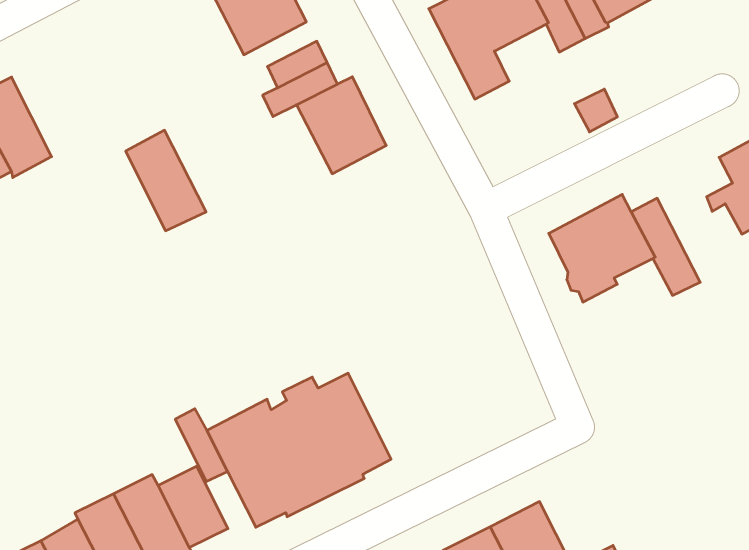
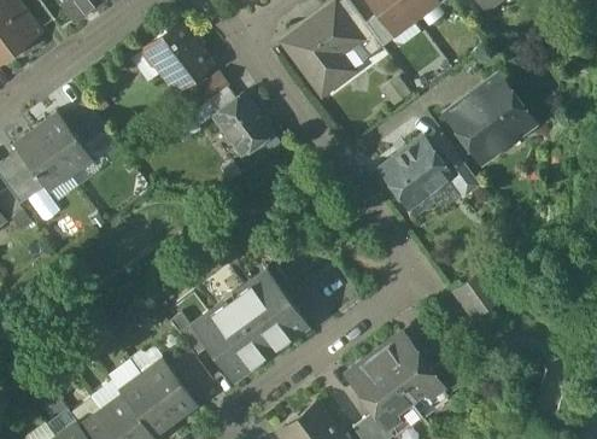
building: [126,130,206,231] -> [35,111,90,172]
building: none -> [445,96,487,146]
building: none -> [460,274,498,317]

